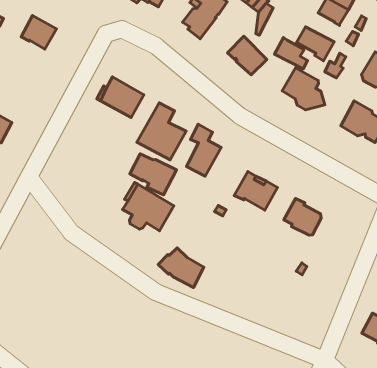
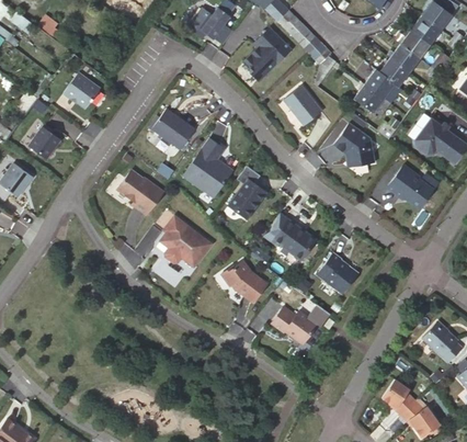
building: [21,15,56,49] -> [64,71,100,106]
building: [275,37,307,69] -> [365,68,397,102]
building: [130,154,177,195] -> [117,171,164,215]
building: [158,248,204,288] -> [221,260,266,302]
building: none -> [271,306,317,342]

